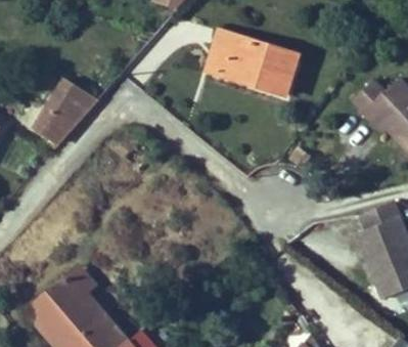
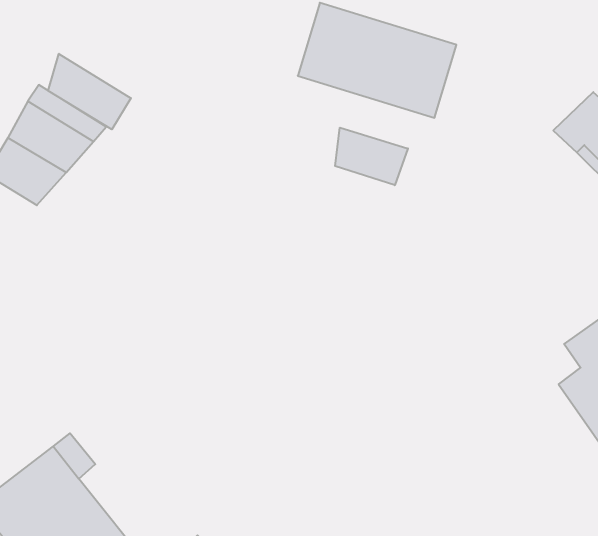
building: none -> [48,54,131,129]
building: none -> [335,128,408,185]

